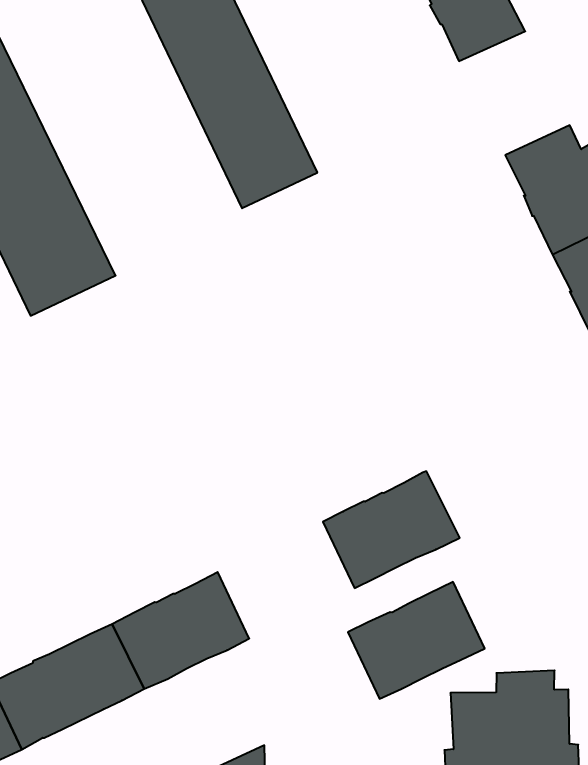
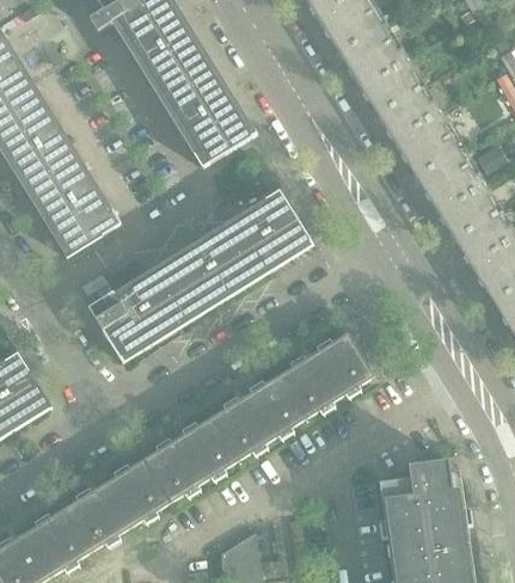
building: none -> [339,26,419,112]
building: none -> [88,190,309,357]
building: [348,582,485,699] -> [211,375,306,460]

